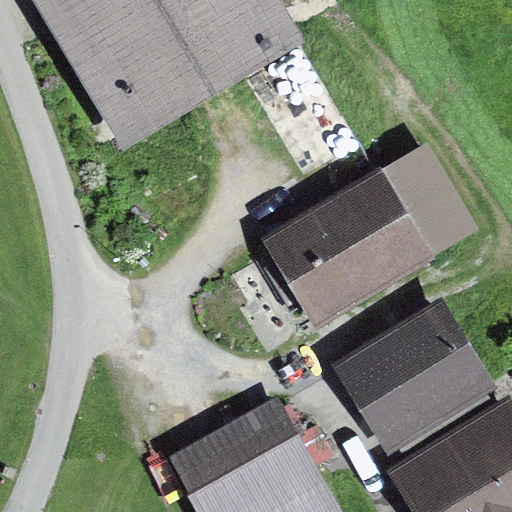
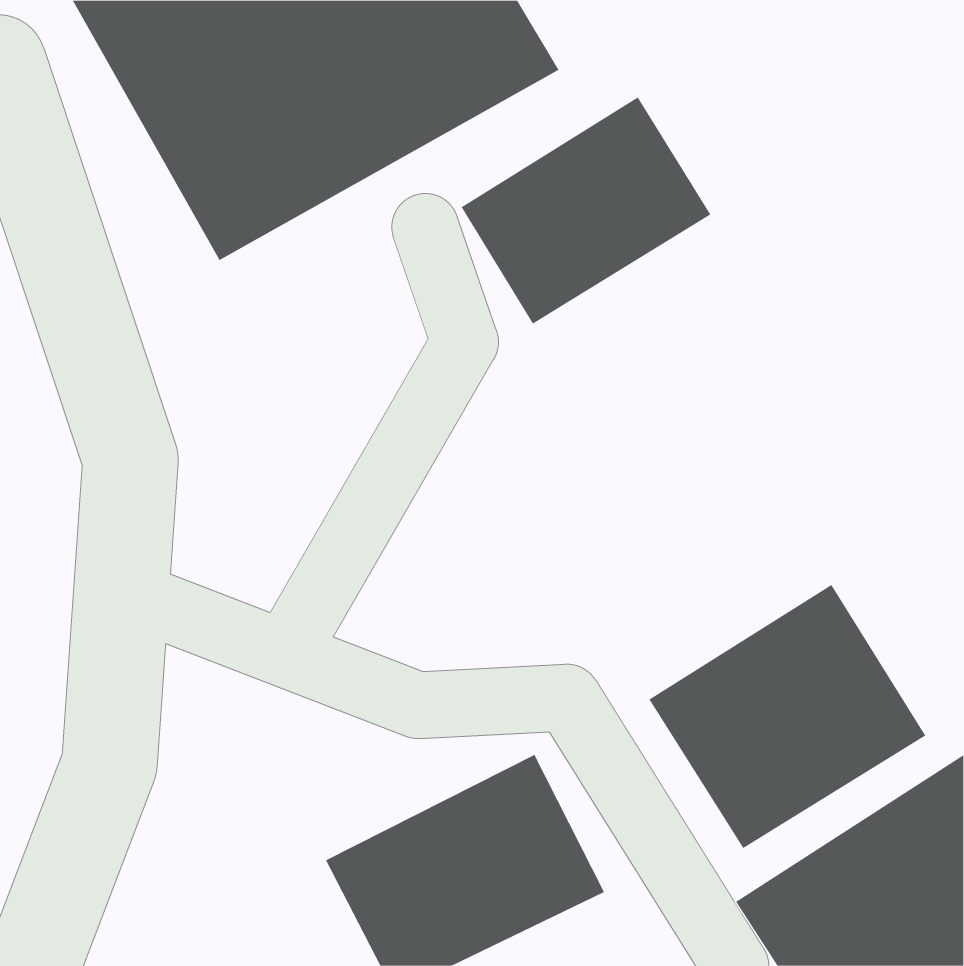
building: none -> [461,96,711,325]
building: [259,148,473,330] -> none

